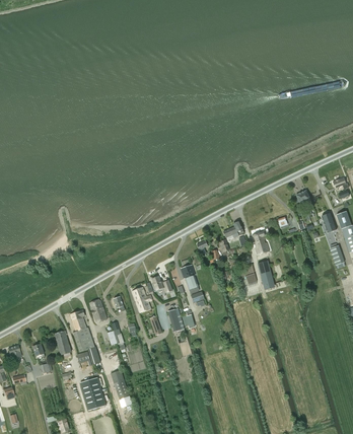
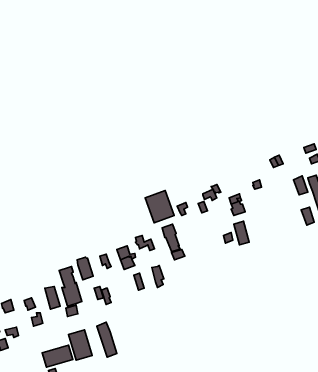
building: none -> [145,191,174,223]
building: none -> [42,345,73,367]

